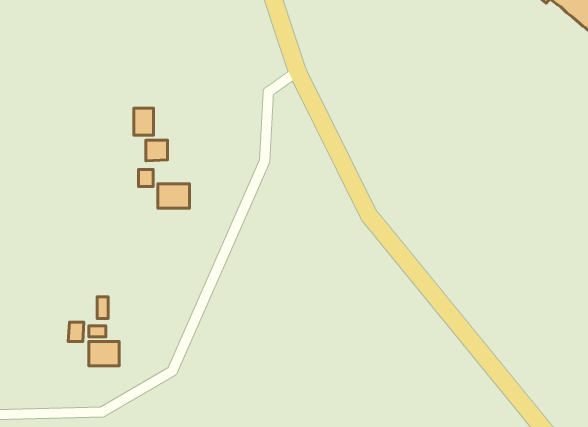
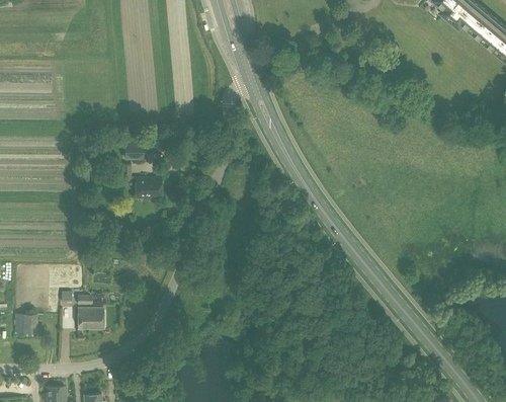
building: [134,108,154,135] -> none
building: none -> [16,312,37,332]

